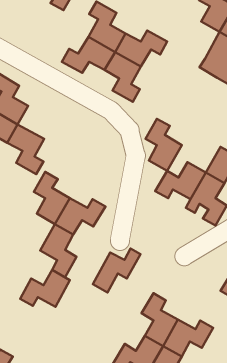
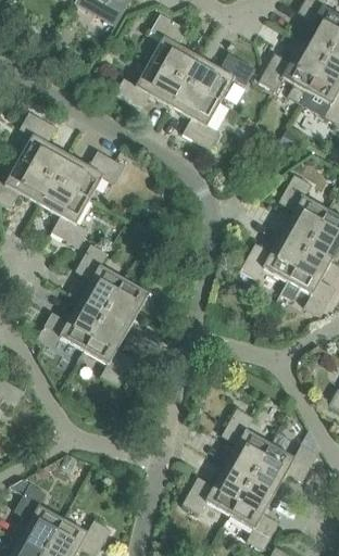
building: none -> [260,41,327,91]
building: none -> [54,151,126,200]
building: [146,119,182,171] -> [279,175,328,245]
building: [93,249,141,292] -> none
building: [20,270,70,307] -> [37,301,104,351]

